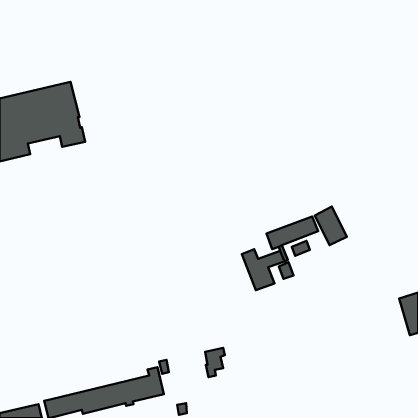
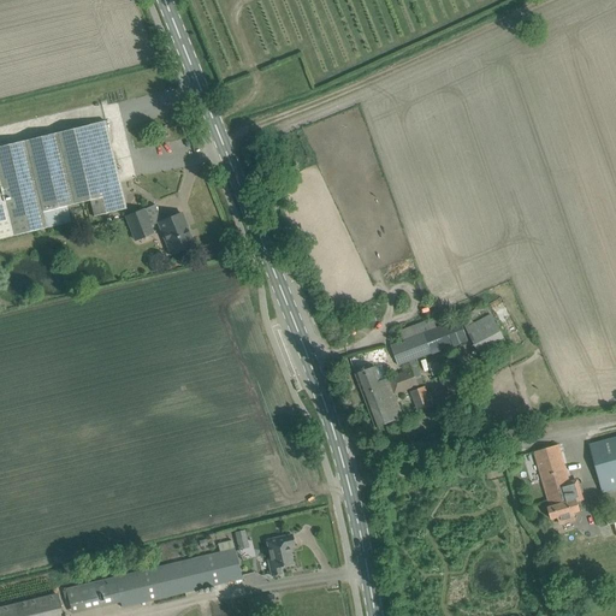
building: none -> [124,208,153,241]
building: none -> [156,212,194,255]
building: none -> [533,444,576,525]
building: [205,348,225,377] -> [265,533,294,576]

